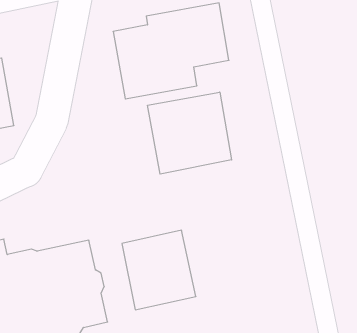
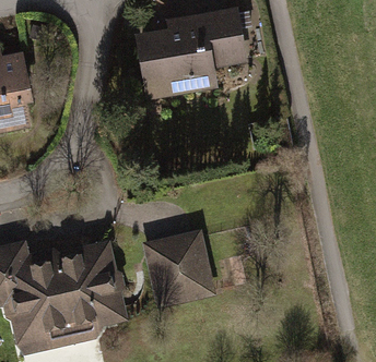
building: [148,92,232,174] -> none

